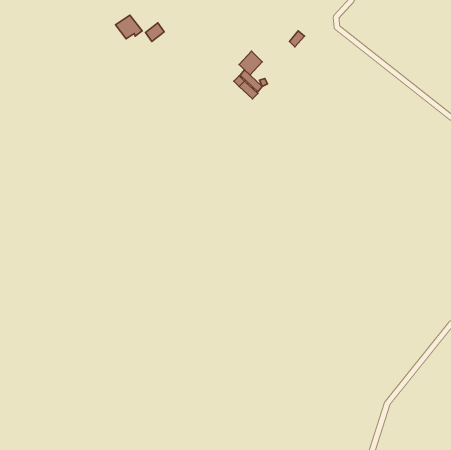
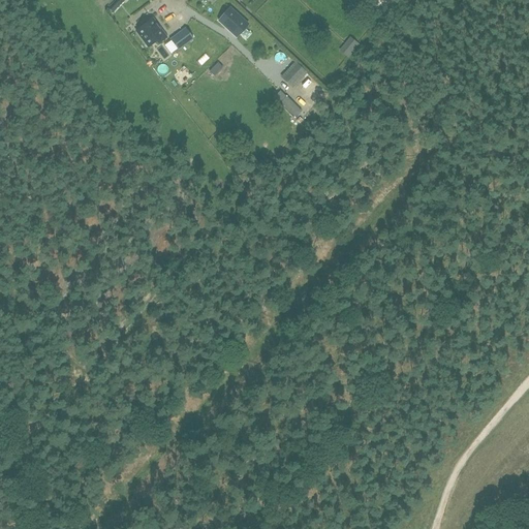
building: none -> [218,6,248,36]

